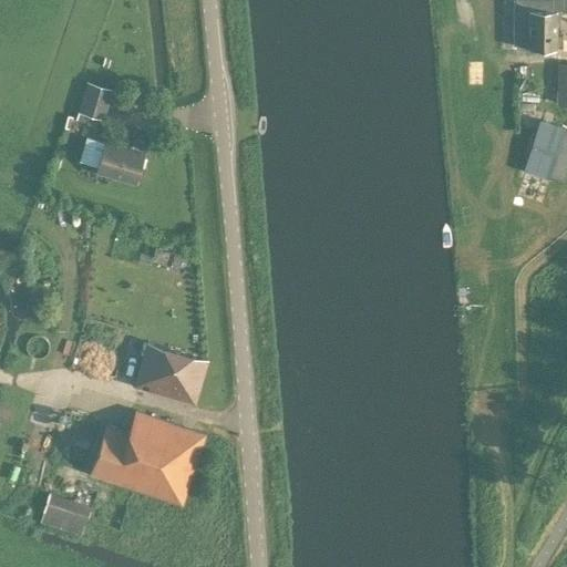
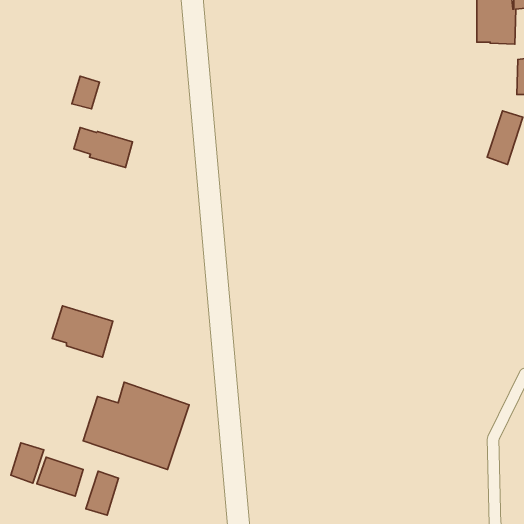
building: [138,347,204,402] -> [52,306,113,357]
building: none -> [11,443,44,483]
building: none -> [86,471,119,515]

